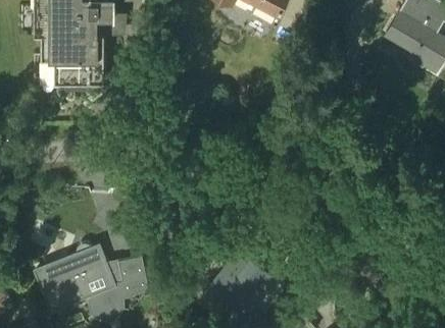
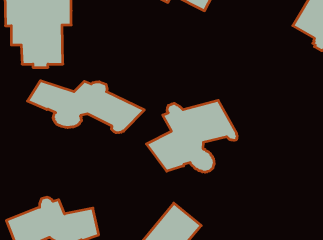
building: none -> [27,81,144,133]
building: none -> [146,100,237,172]

